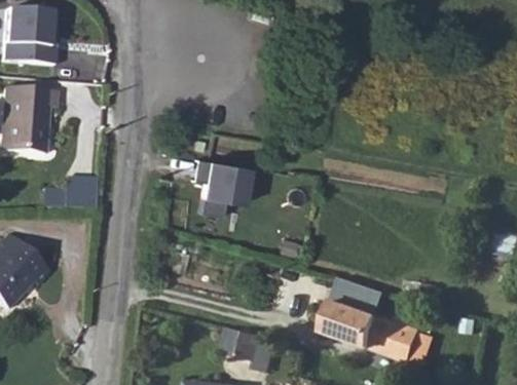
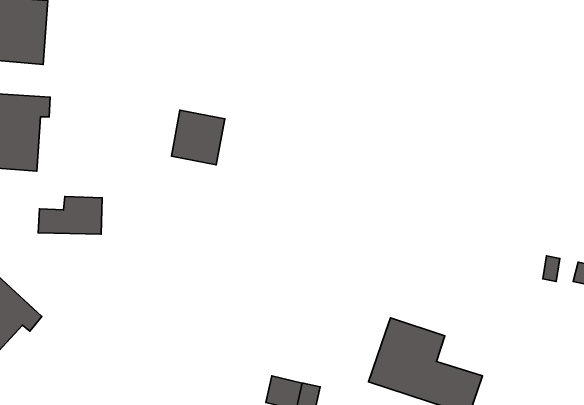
building: [200,155,246,201] -> [172,110,225,165]

